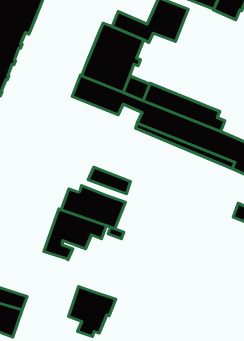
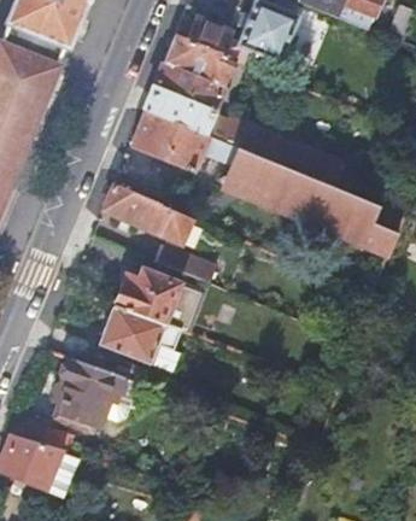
building: none -> [102,186,189,244]
building: [68,287,116,337] -> [55,359,124,432]

